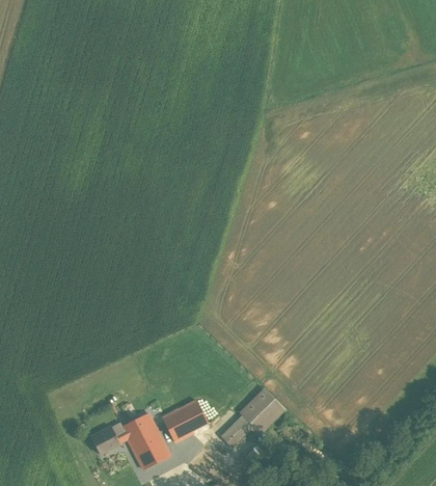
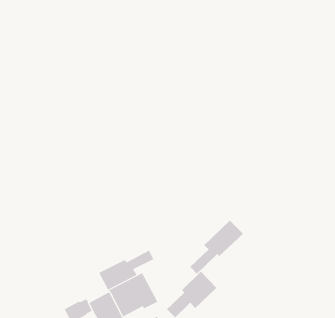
building: none -> [190,220,244,275]
building: none -> [98,250,154,290]

